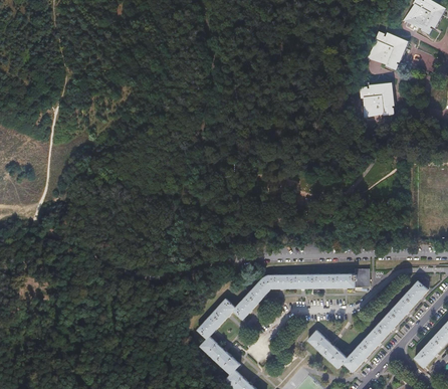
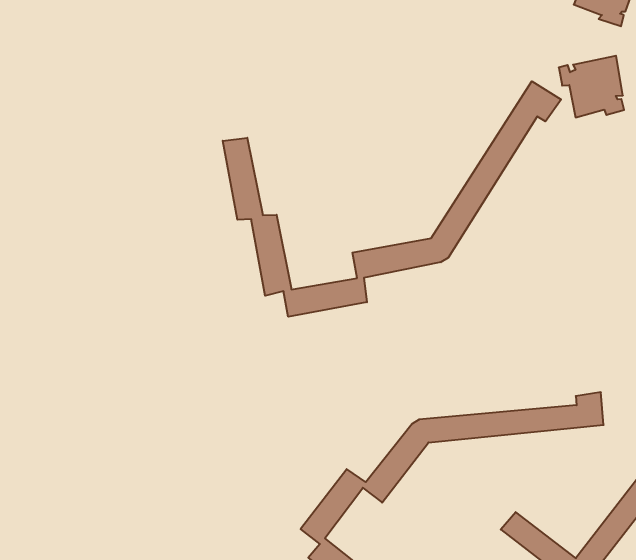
building: none -> [223,81,561,317]

